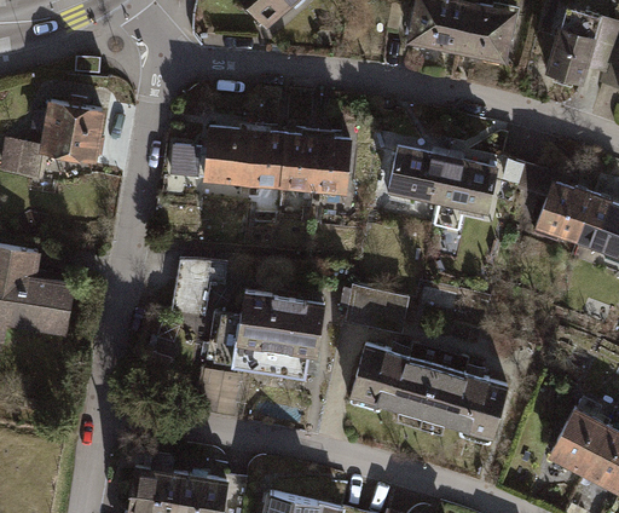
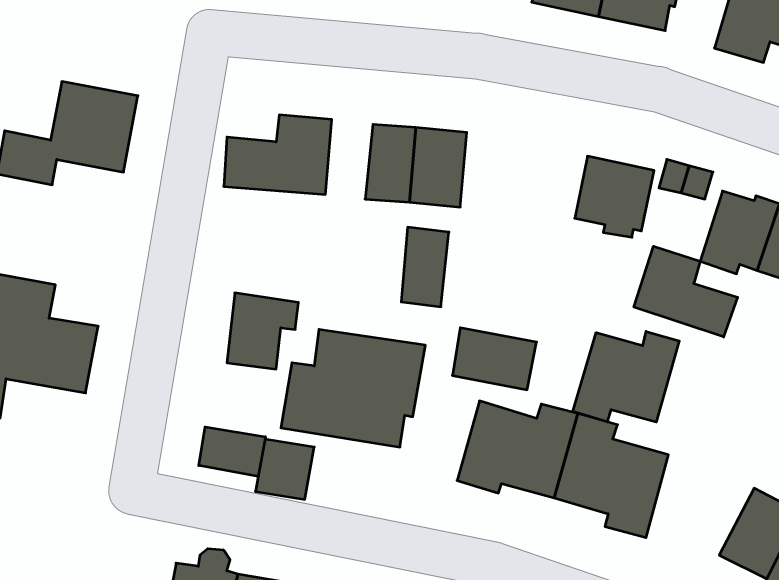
building: [248,128,284,189] -> [401,227,449,307]
building: [387,146,447,203] -> none
building: none -> [634,246,738,337]
building: none -> [573,331,679,422]
building: none -> [199,427,265,476]

